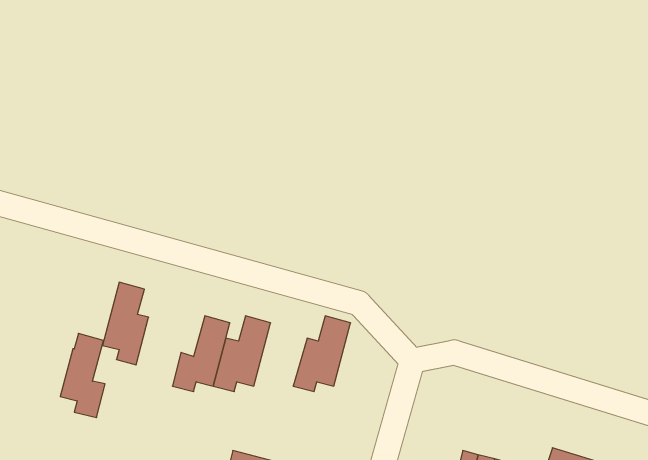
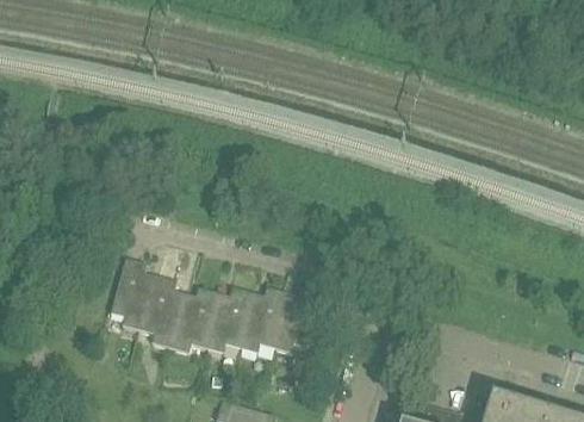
building: none -> [237,286,286,350]
building: [60,333,105,418] -> [137,274,175,346]

